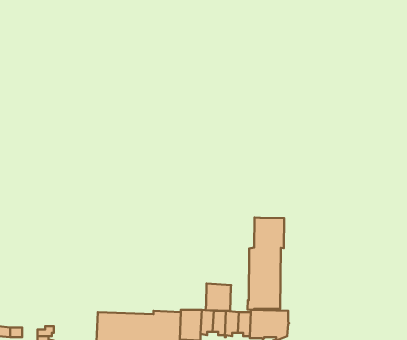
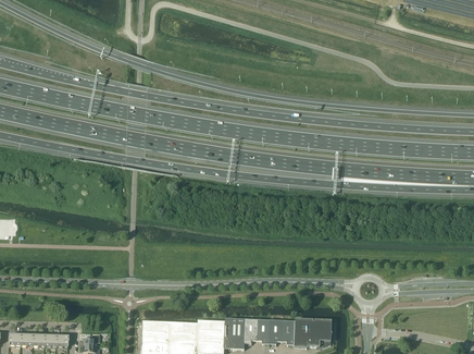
building: [247,218,284,310] -> none
building: [206,284,231,311] -> none

